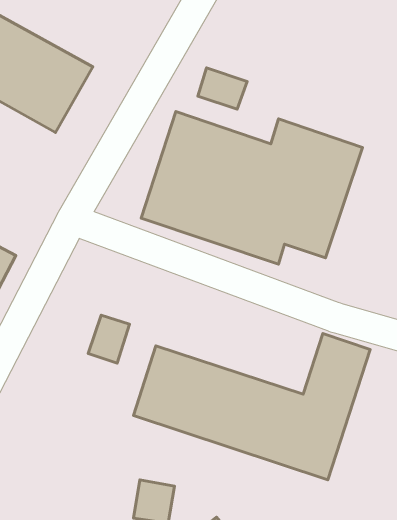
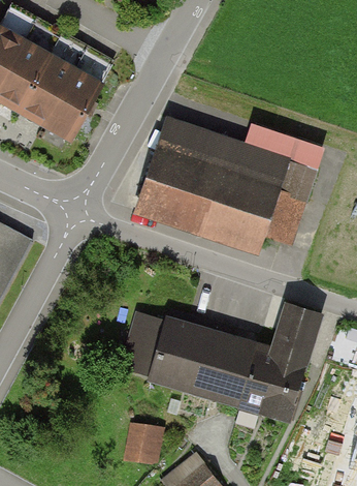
building: [198,68,247,109] -> none
building: [88,315,130,363] -> none

